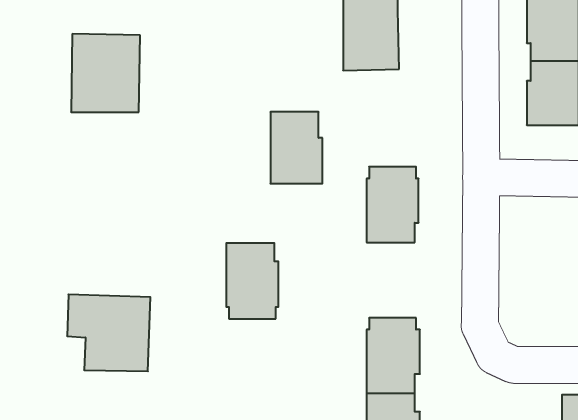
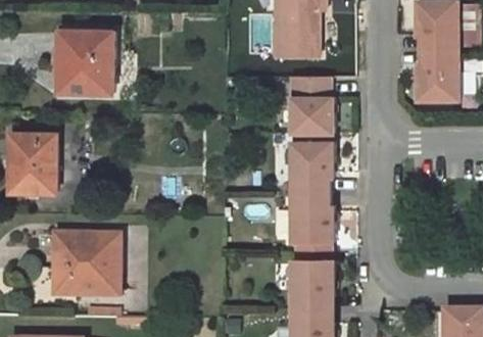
building: [270,112,322,184] -> [291,77,332,133]
building: none -> [10,131,56,189]
building: [226,243,278,319] -> [291,192,332,251]

